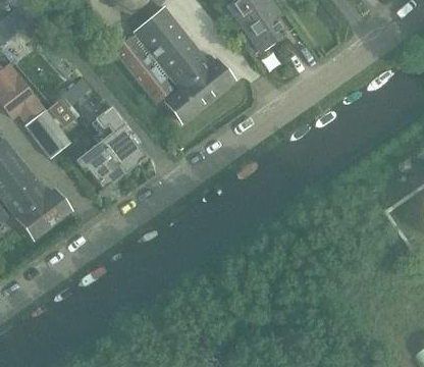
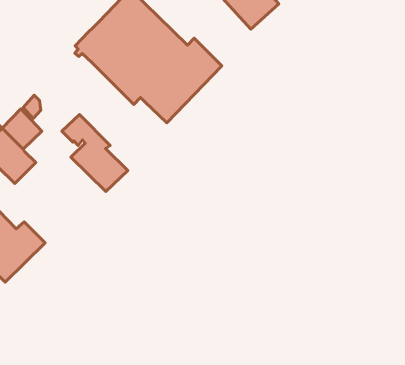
building: [75,141,125,190] -> none

